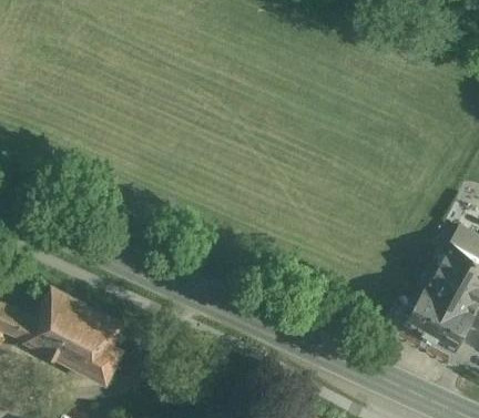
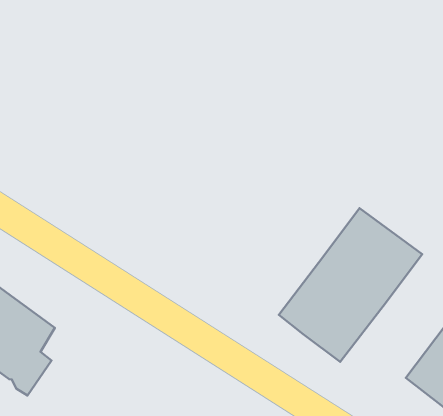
building: none -> [279,208,422,362]

